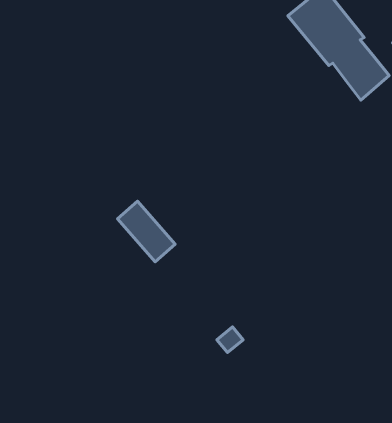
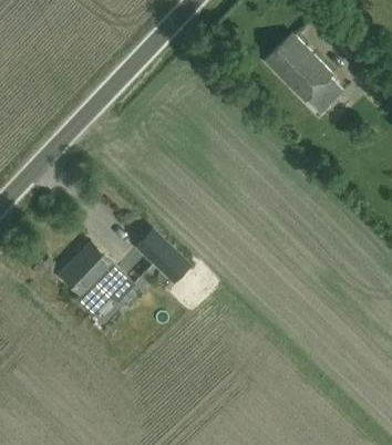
building: none -> [59,240,132,312]

